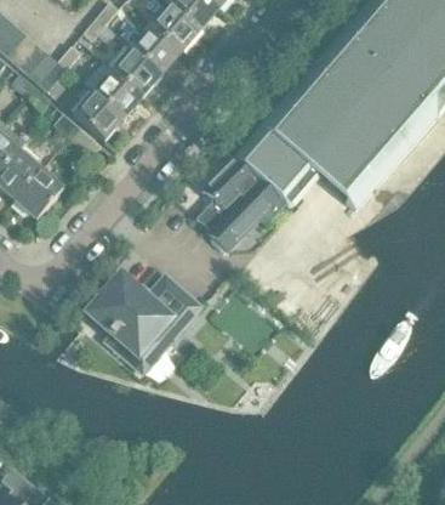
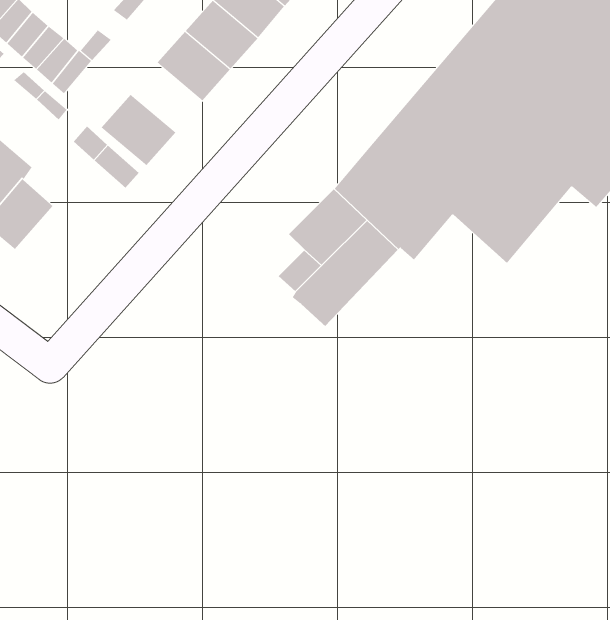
building: [93,69,143,118] -> none
building: [13,169,63,220] -> none
building: [90,274,202,358] -> none

